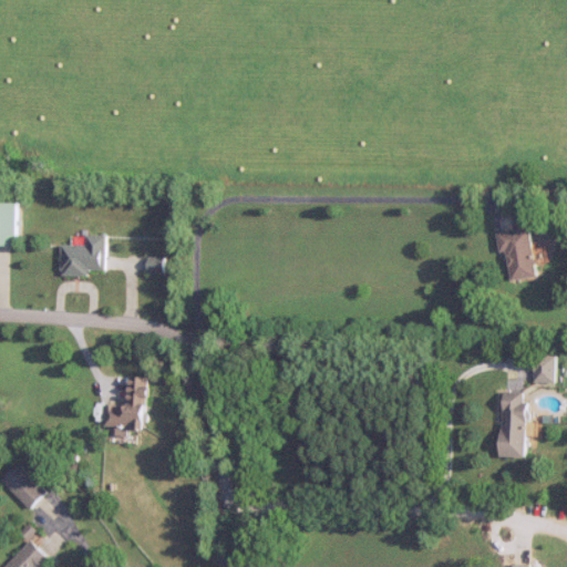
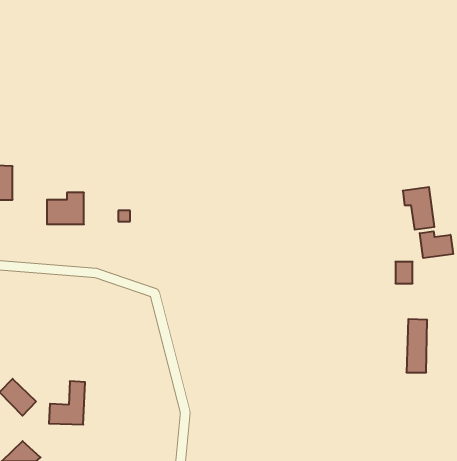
building: none -> [420,231,453,258]
building: [530,355,551,382] -> [395,262,413,283]
building: [102,377,146,430] -> [49,381,85,425]

